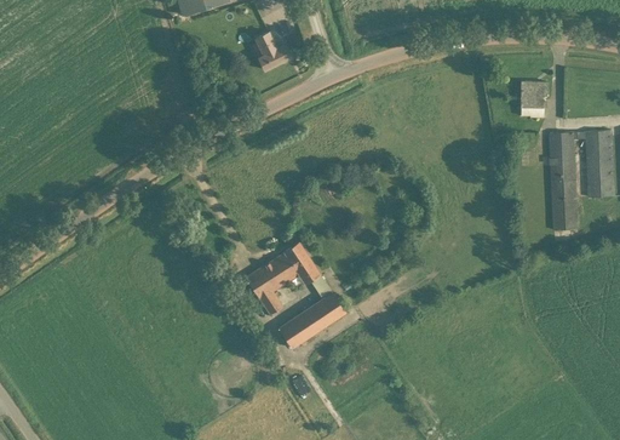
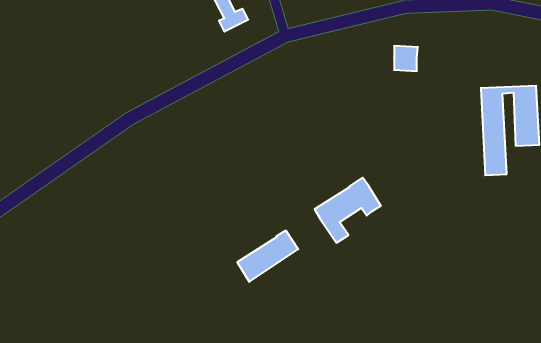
building: [521,81,547,109] -> [394,46,418,71]
building: [246,242,320,315] -> [315,178,381,243]

